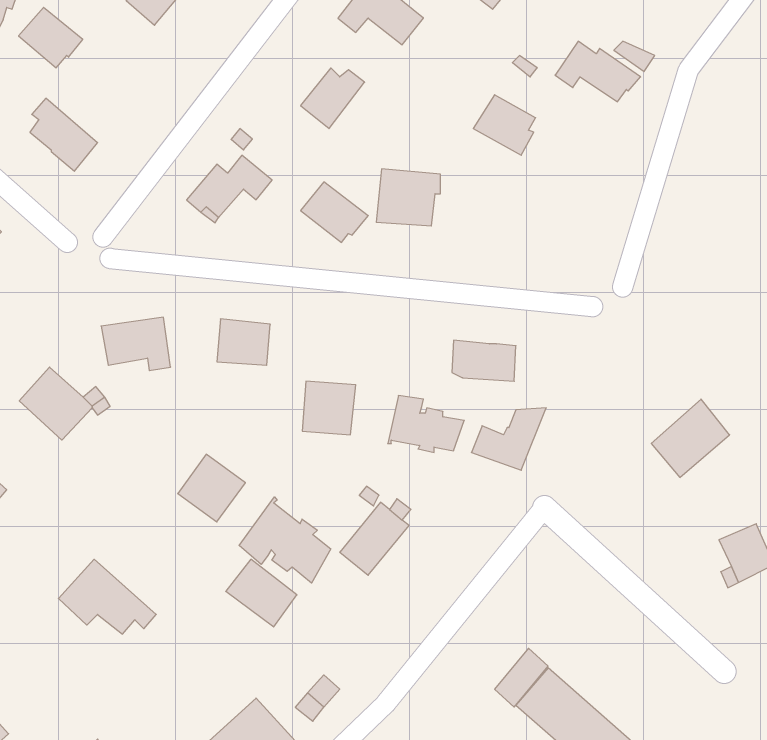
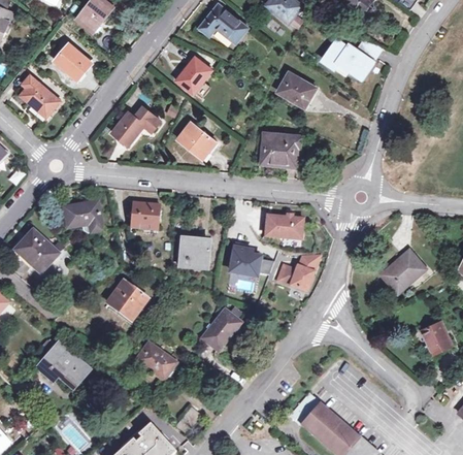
building: [19,7,83,68] -> [55,42,92,77]
building: [376,169,440,226] -> [263,132,300,165]
building: [239,497,331,583] -> none

